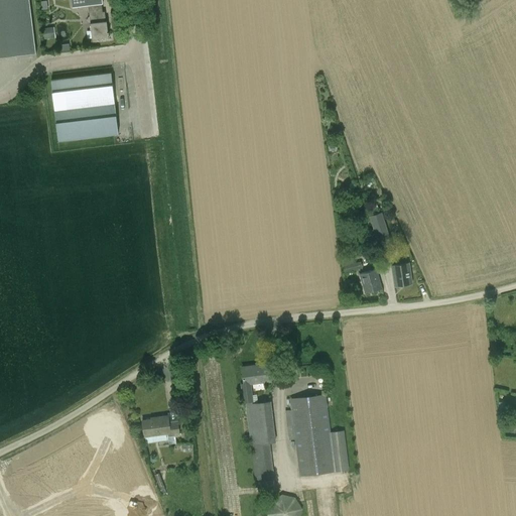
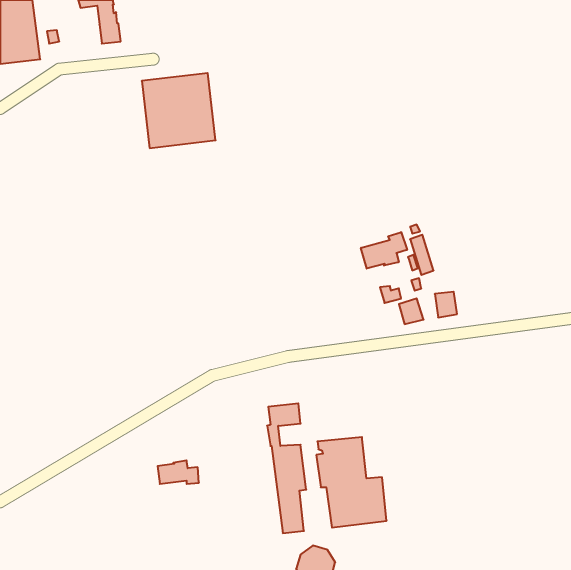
building: [51,74,118,141] -> [142,73,216,148]
building: none -> [361,232,407,269]

